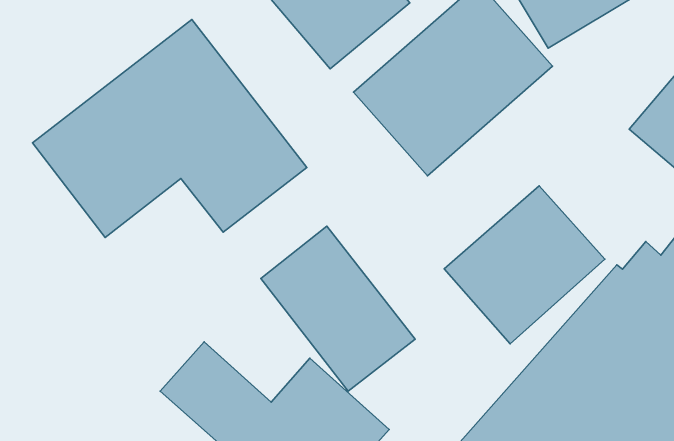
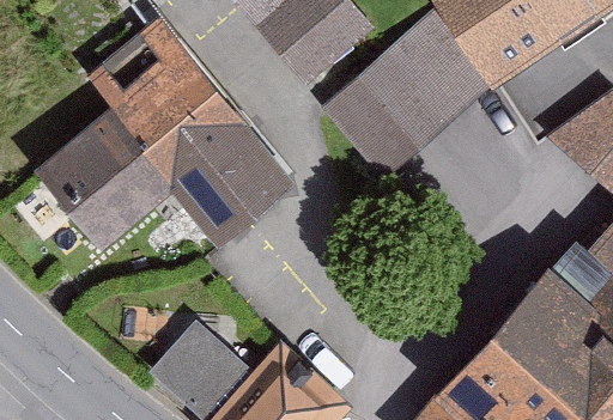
building: [444,186,605,344] -> none
building: [261,226,415,391] -> none

